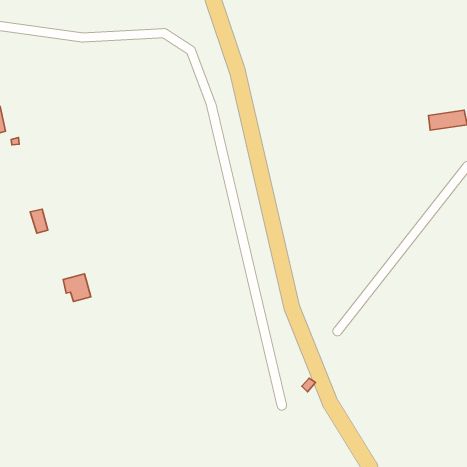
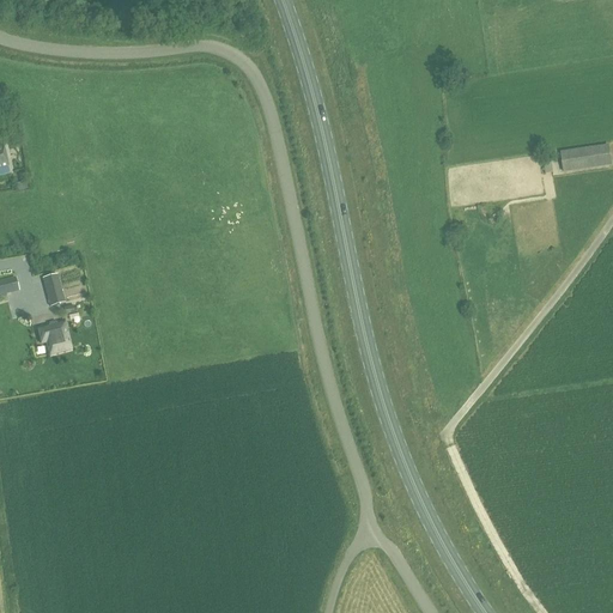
building: [63,274,91,301] -> [35,317,71,353]

